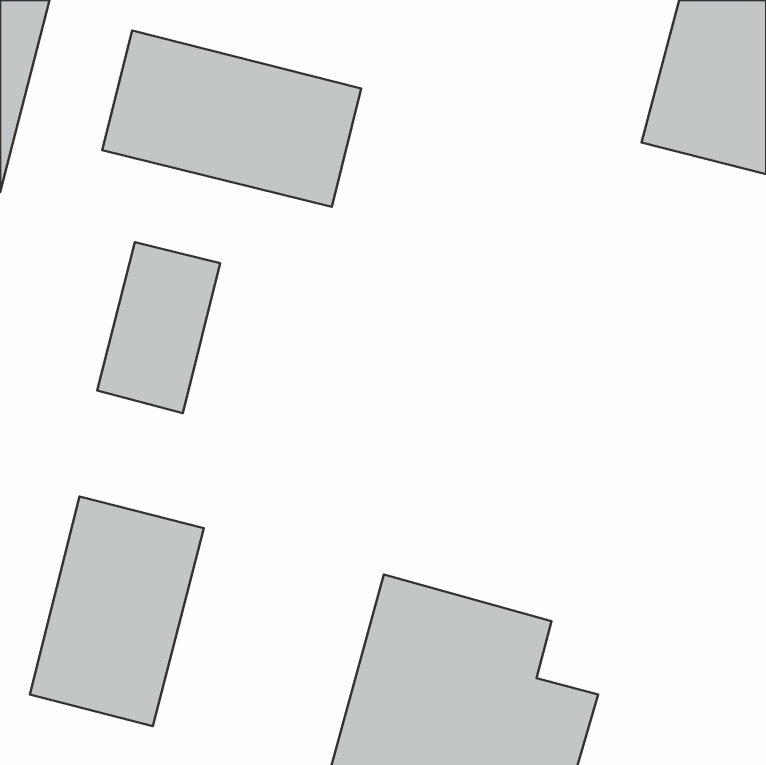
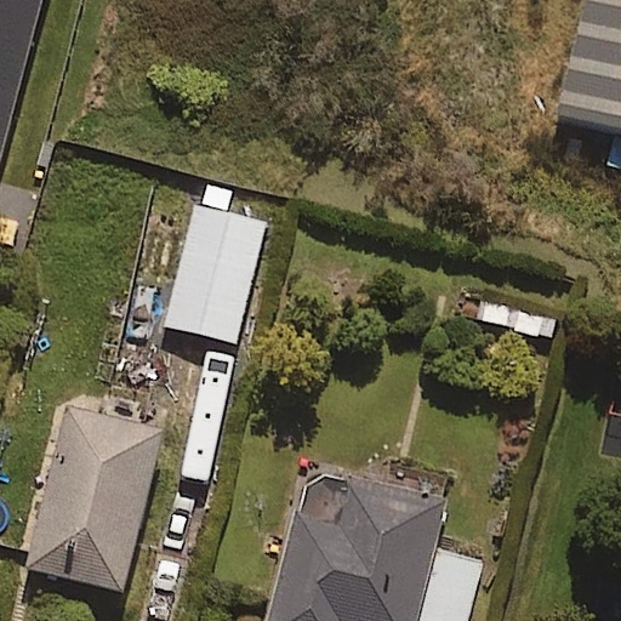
building: [102,31,361,207] -> none
building: [97,242,220,413] -> [167,205,267,343]

